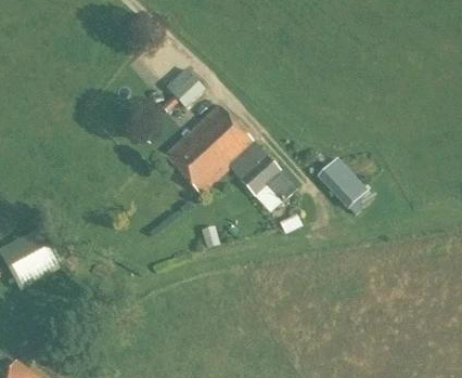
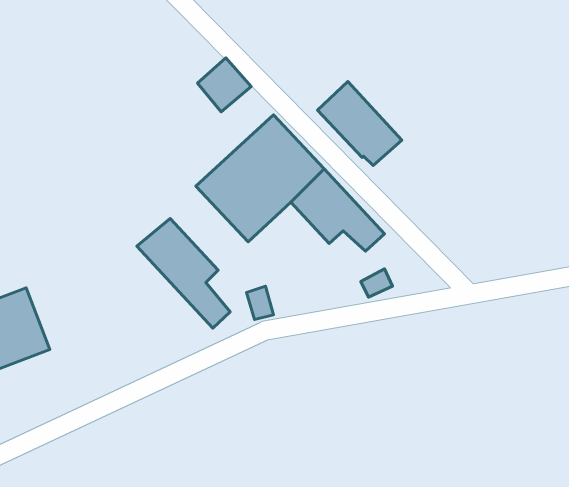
building: [316,157,373,214] -> [318,82,402,166]
building: none -> [137,218,230,328]

